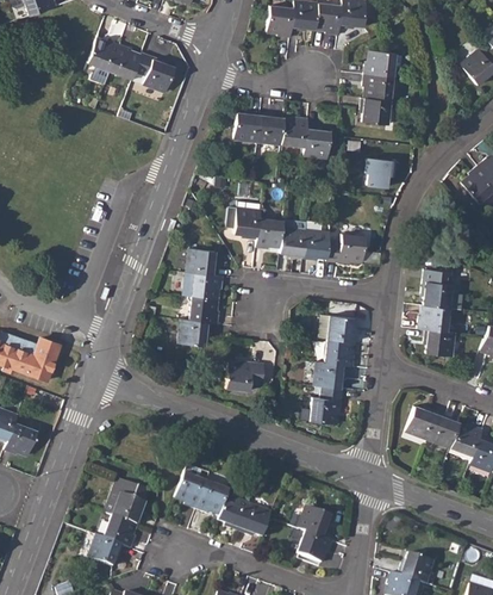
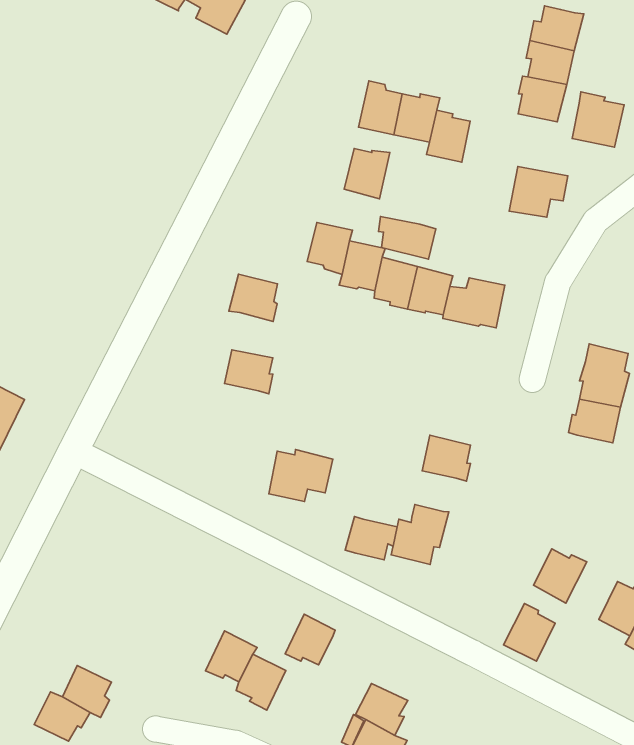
building: none -> [572,92,624,147]
building: [235,111,262,142] -> [344,149,390,199]
building: none -> [378,216,436,259]
building: [182,271,224,299] -> none
building: [320,314,360,342] -> none
building: [180,318,212,345] -> none
building: [424,328,455,355] -> none
building: [316,361,348,388] -> [345,517,397,560]
building: [429,410,461,447] -> [504,603,555,661]
building: [176,472,207,509] -> none
building: [104,476,150,525] -> none
building: [241,503,272,535] -> [285,614,335,665]

